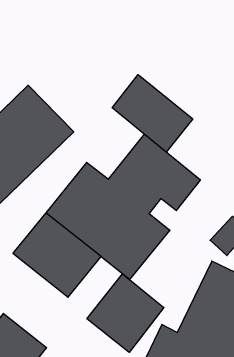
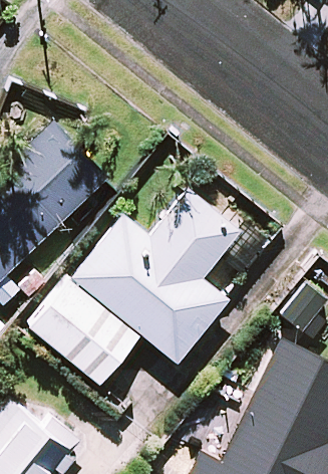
building: [112,75,193,152] -> none
building: [87,274,164,352] -> none

